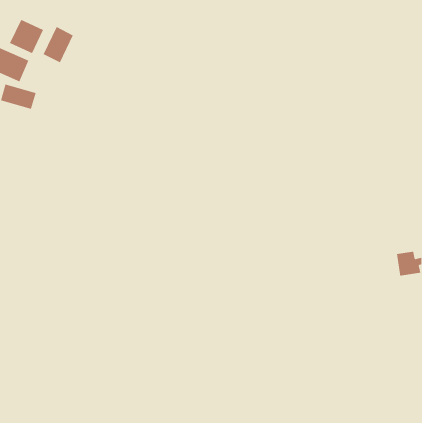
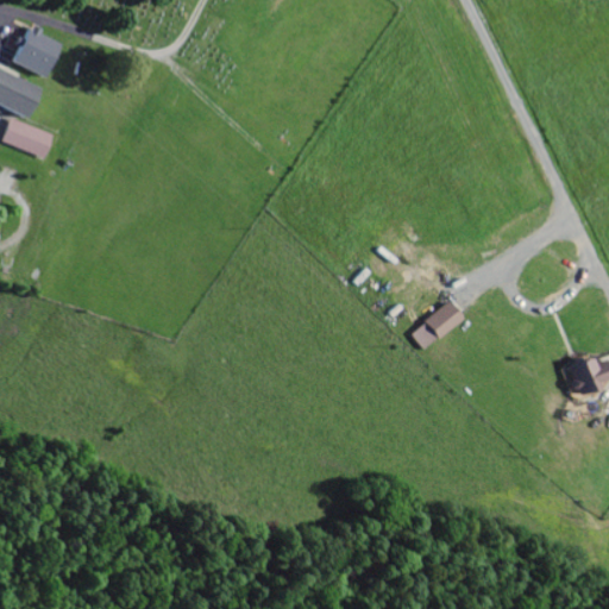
building: [43,26,74,63] -> none
building: none -> [409,301,464,351]

